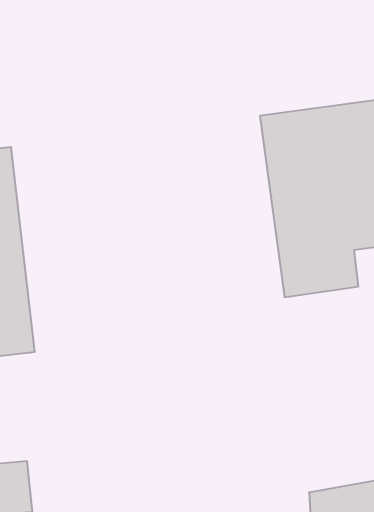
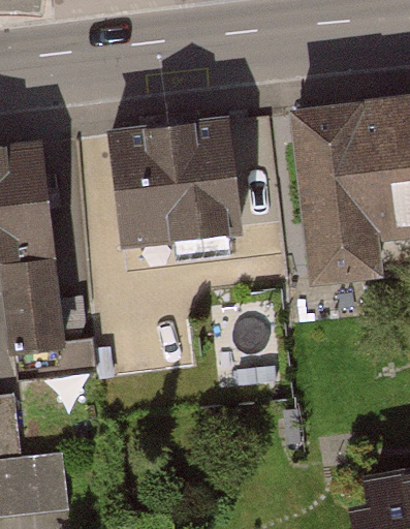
building: none -> [102,124,245,238]

